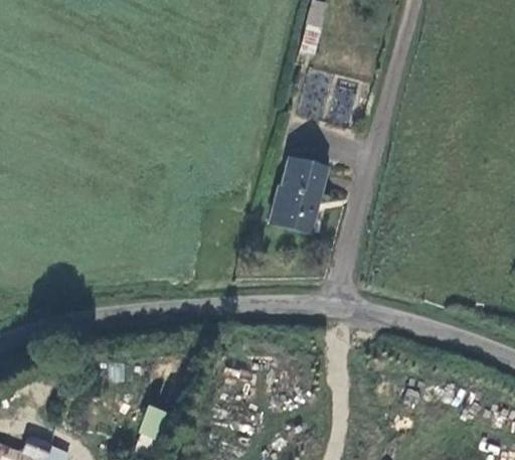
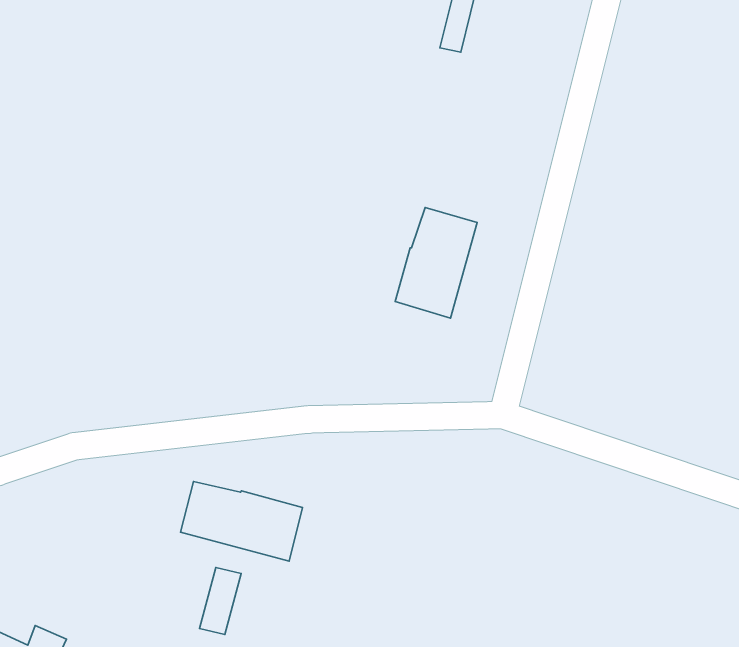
building: none -> [180,482,303,561]

